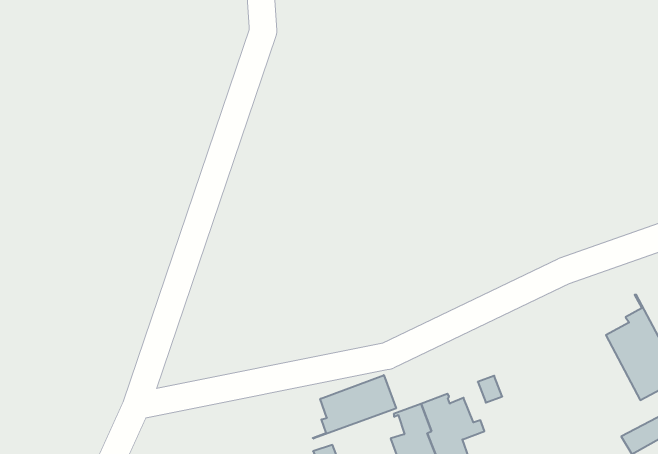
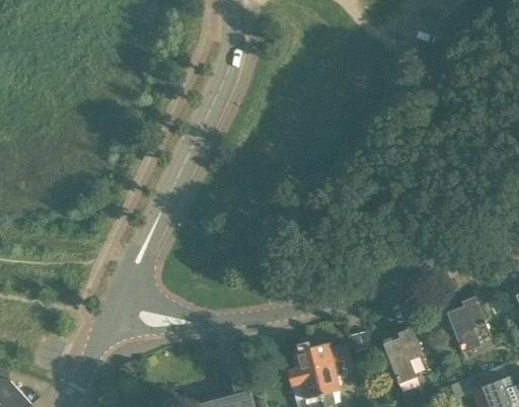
building: none -> [381,327,428,384]
building: [313,375,396,439] -> none

